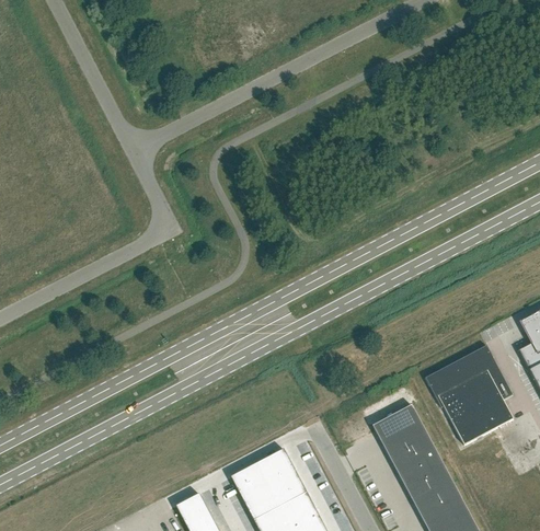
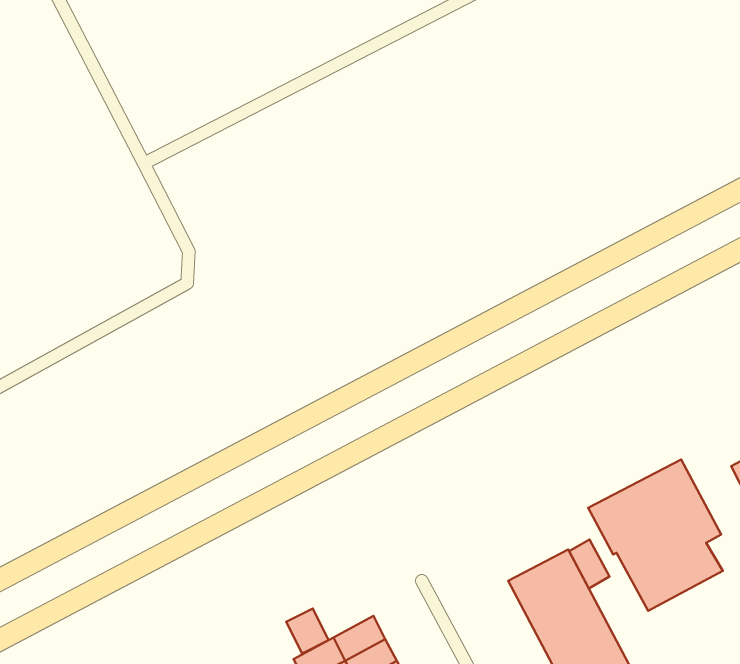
building: none -> [569,539,609,588]
building: none -> [286,608,329,654]

